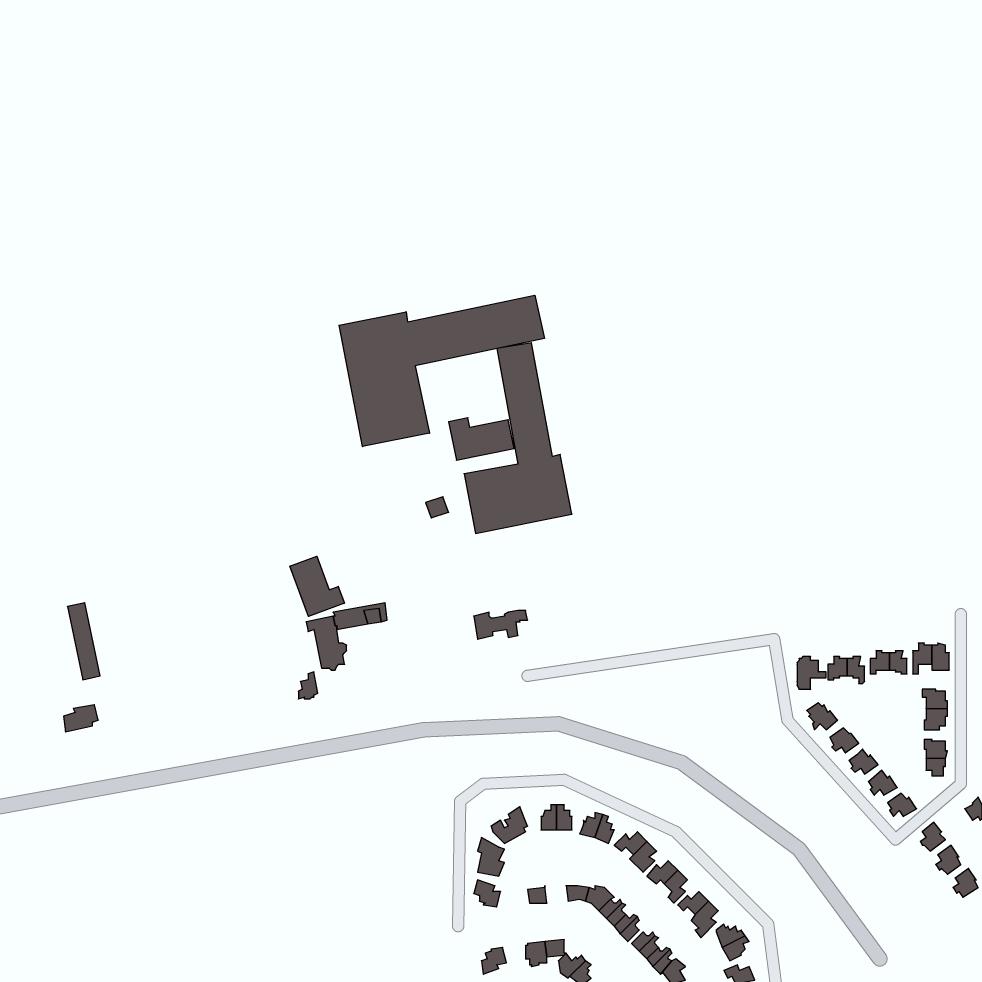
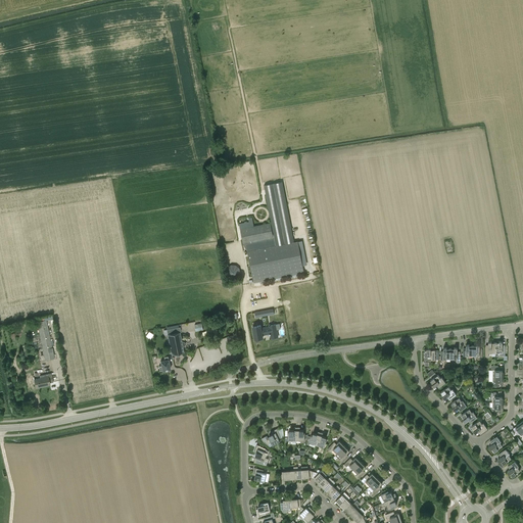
building: [339,295,544,447] -> none
building: [290,556,344,616] -> none

